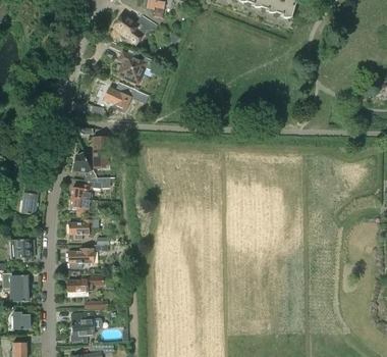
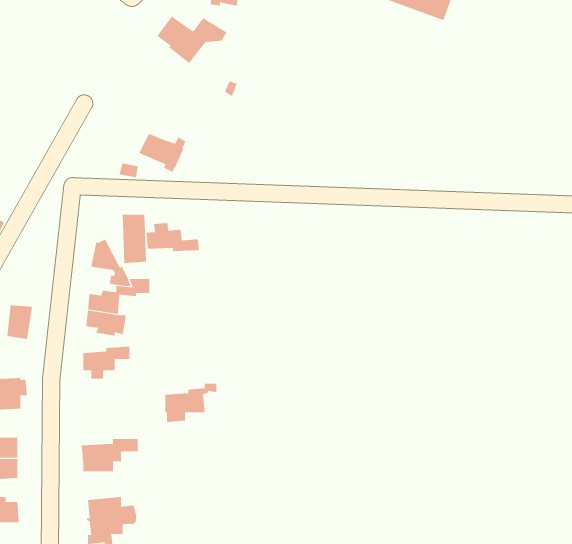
building: [118,52,146,84] -> none
building: none -> [146,222,199,252]
building: [68,244,101,268] -> [164,383,217,423]

